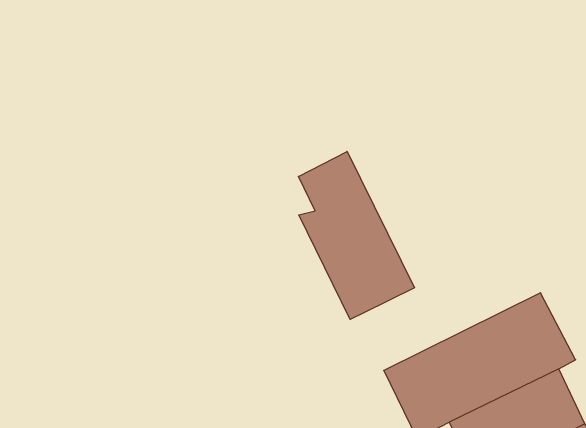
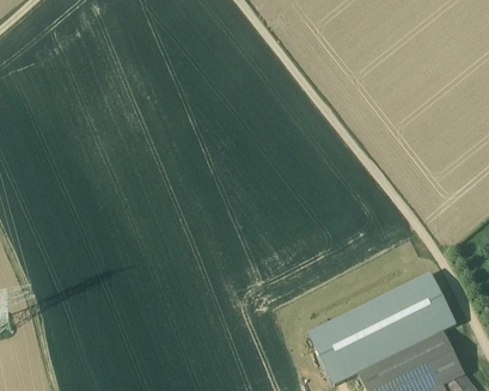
building: [298,151,415,319] -> none

